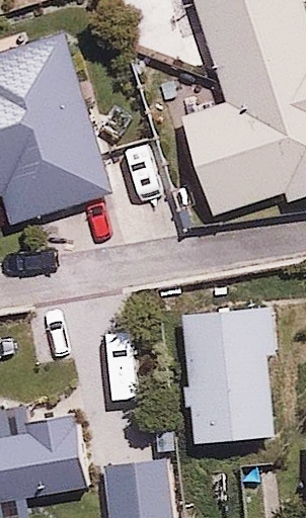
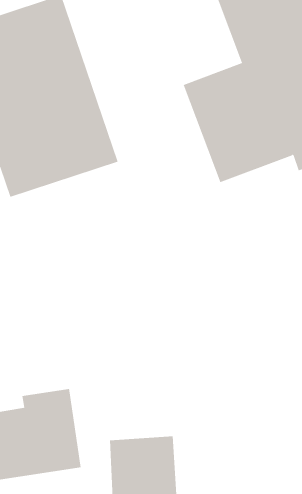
building: [183,301,275,436] -> none

